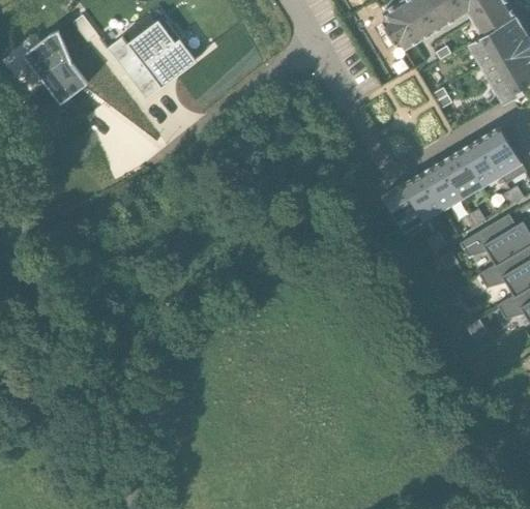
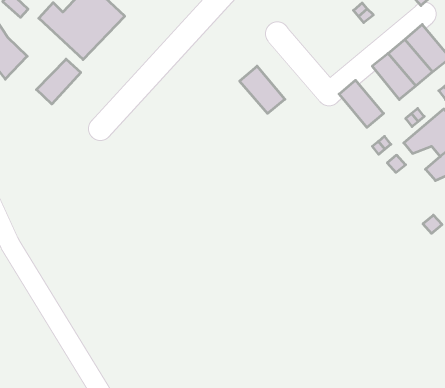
building: none -> [36,59,81,104]
building: [422,157,464,208] -> none
building: [382,180,425,231] -> [240,66,285,113]

